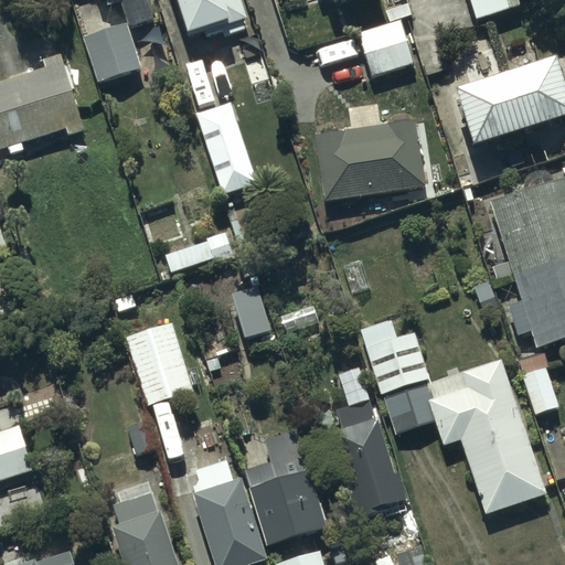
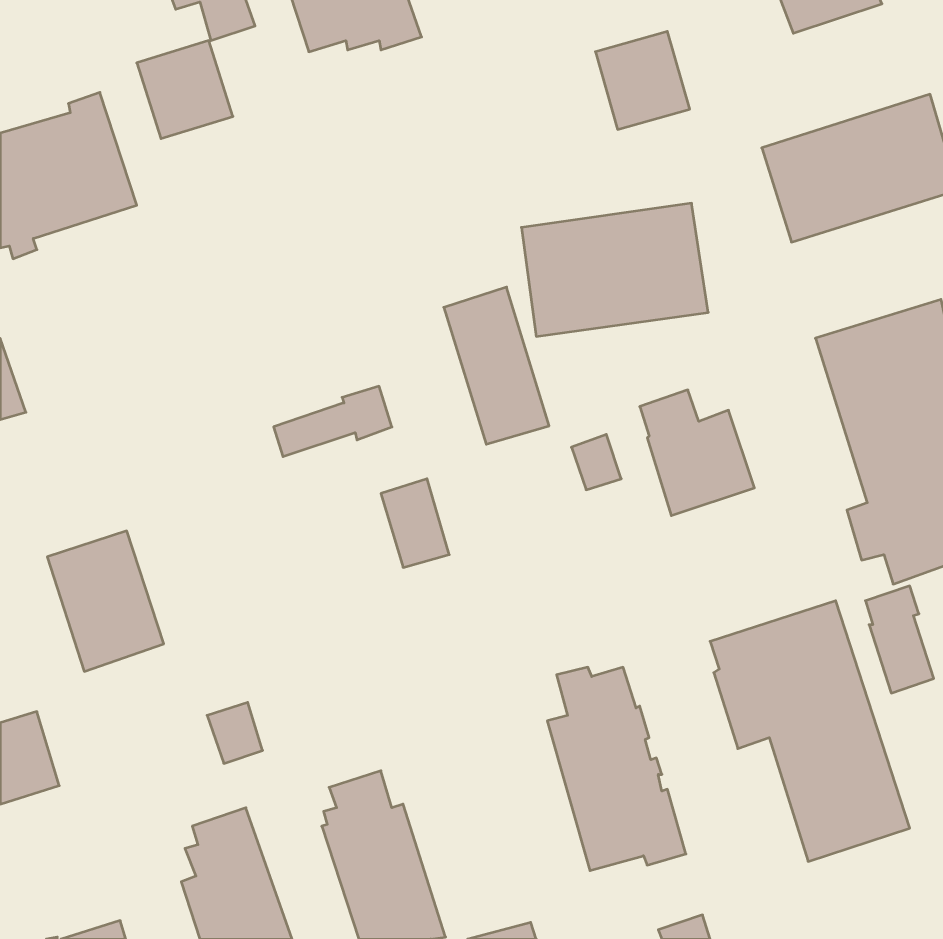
building: [194,102,257,195] -> [444,287,549,444]
building: [360,320,428,395] -> [640,390,754,516]
building: [128,323,198,407] -> [47,531,164,671]
building: [244,433,324,546] -> none

